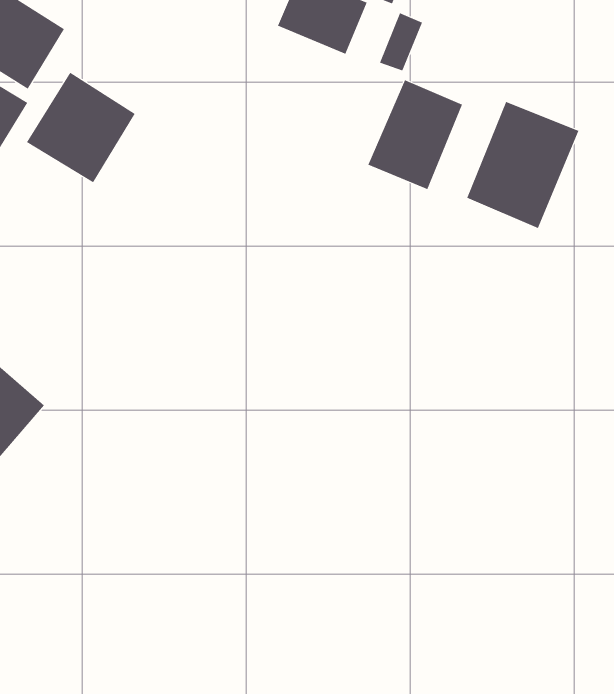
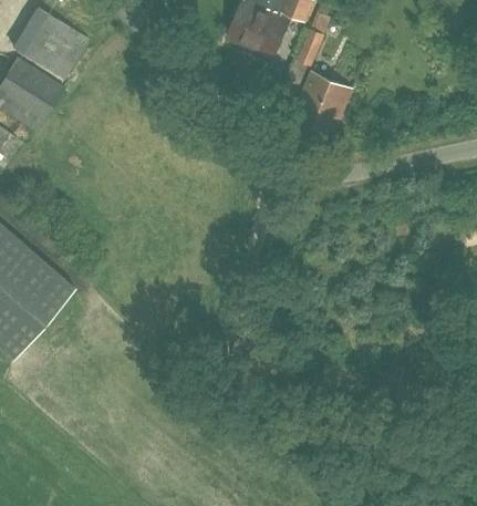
building: [26,72,136,183] -> none
building: [466,101,579,229] -> none

